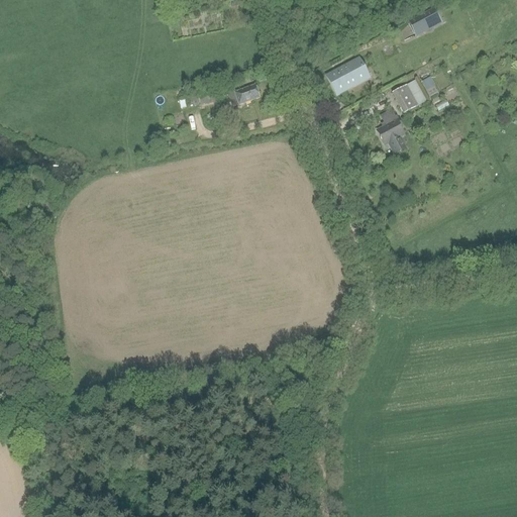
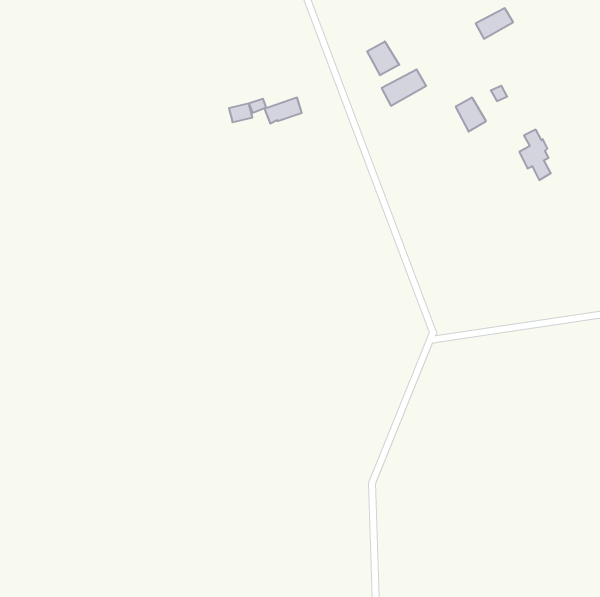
building: none -> [367,41,399,75]
building: [378,109,405,152] -> [519,130,551,180]

